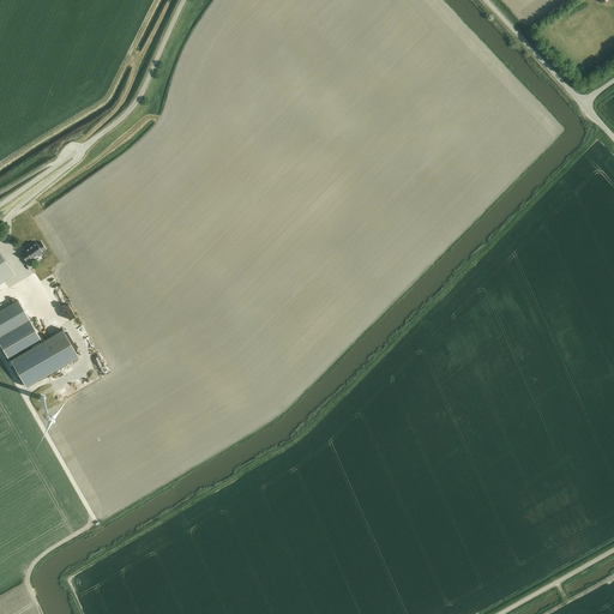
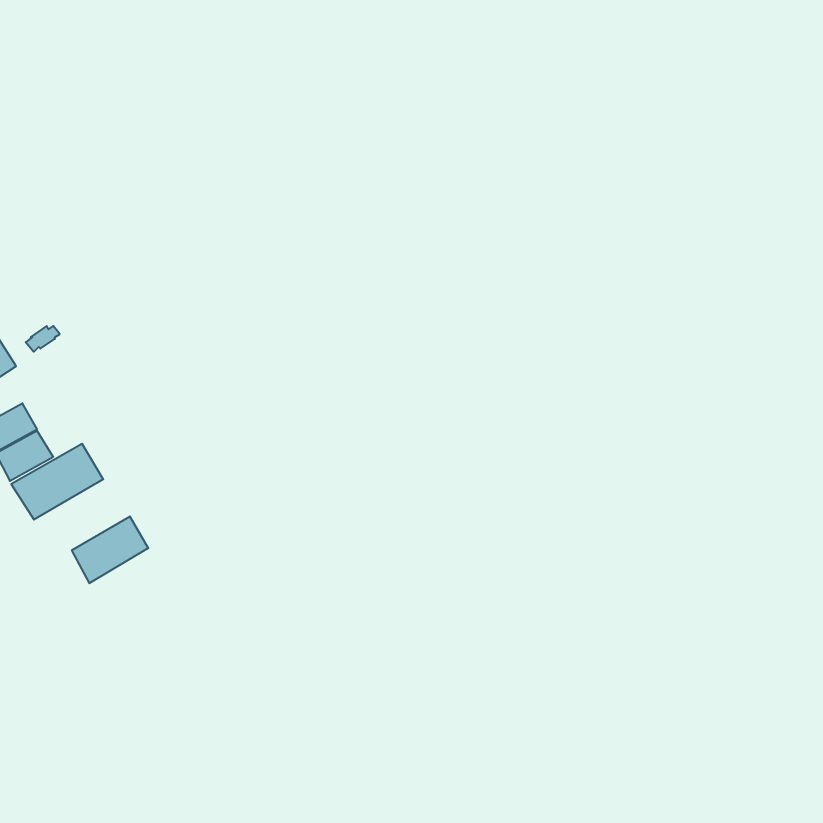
building: none -> [72,516,148,583]

